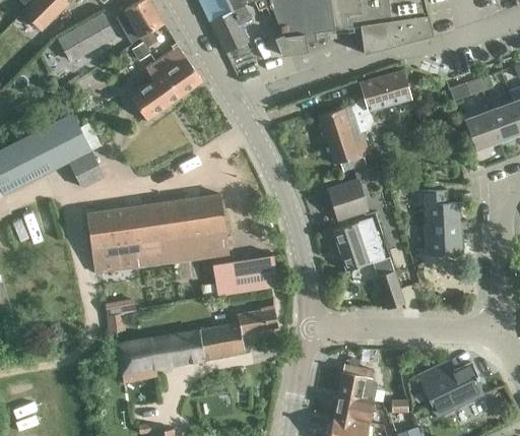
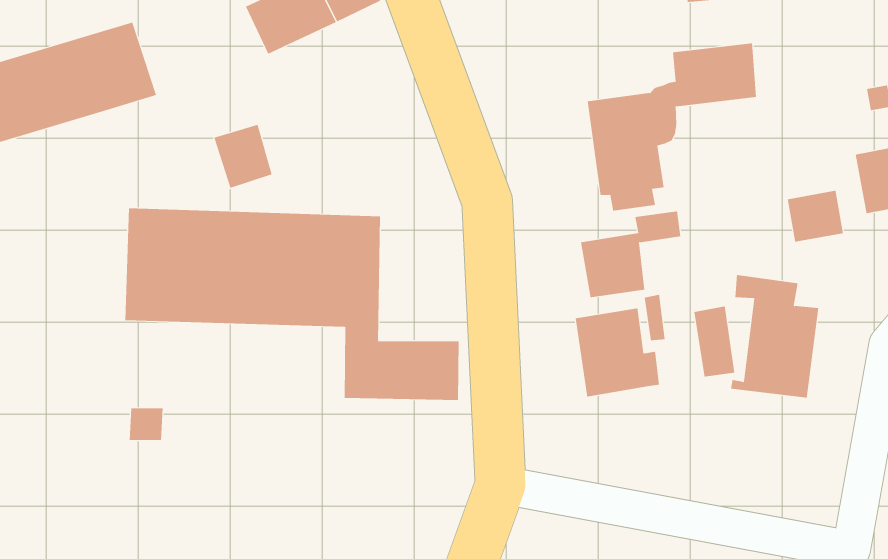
building: none -> [787,190,844,243]
building: [69,150,104,187] -> [214,124,273,188]
building: [377,269,404,309] -> [694,306,735,377]
building: [117,306,278,382] -> none

